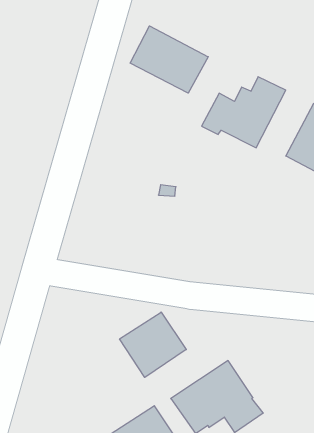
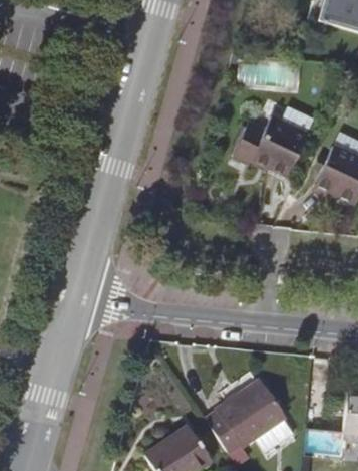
building: [130,26,208,93] -> none
building: [120,312,186,377] -> none

